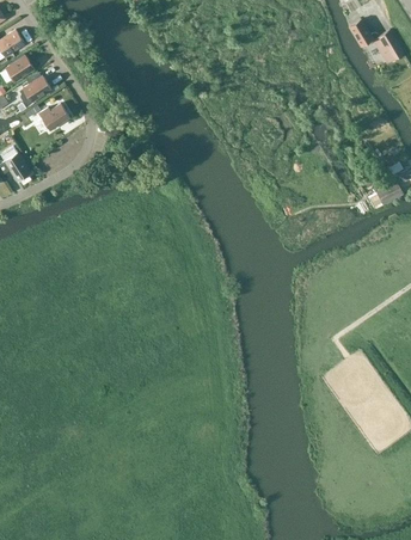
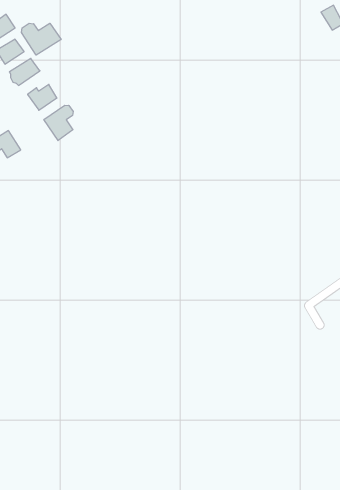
building: none -> [22,23,61,55]
building: none -> [44,105,73,141]

